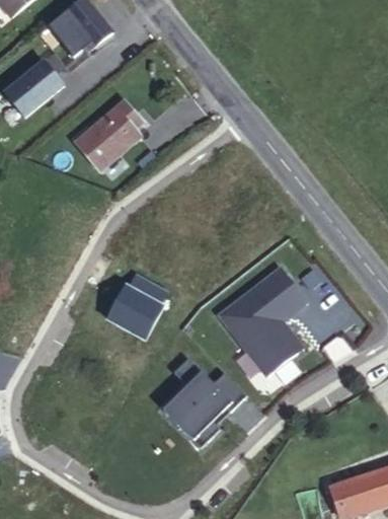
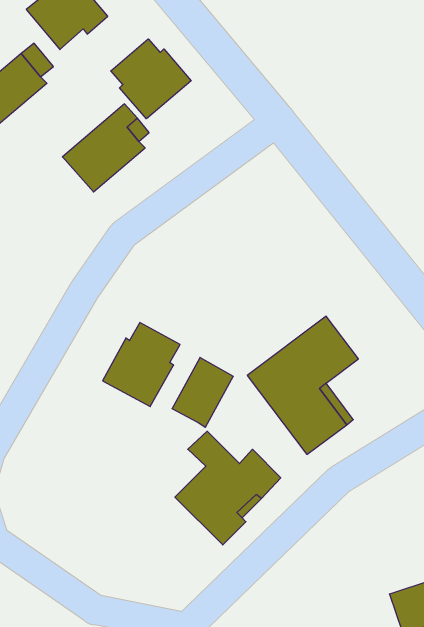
building: none -> [111,39,191,119]
building: none -> [172,357,233,427]

